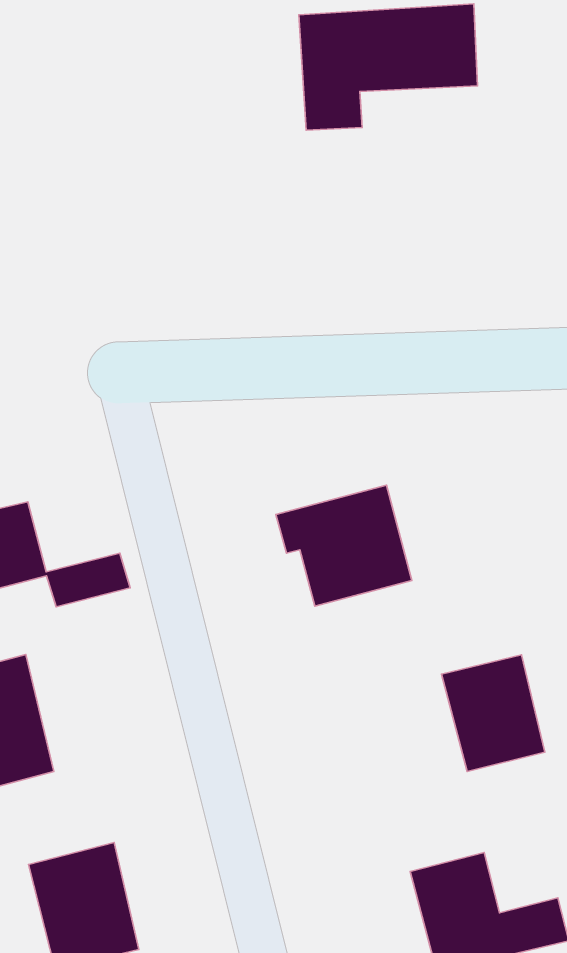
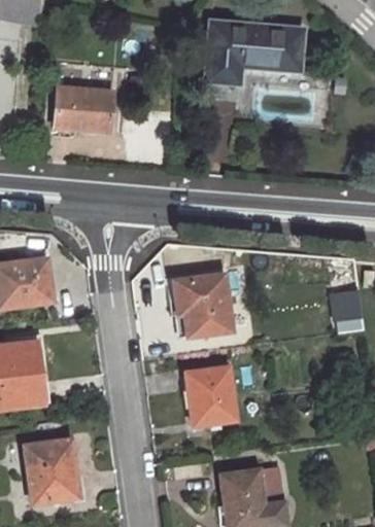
building: none -> [57,87,112,132]
building: [441,655,545,772] -> [186,370,235,426]

